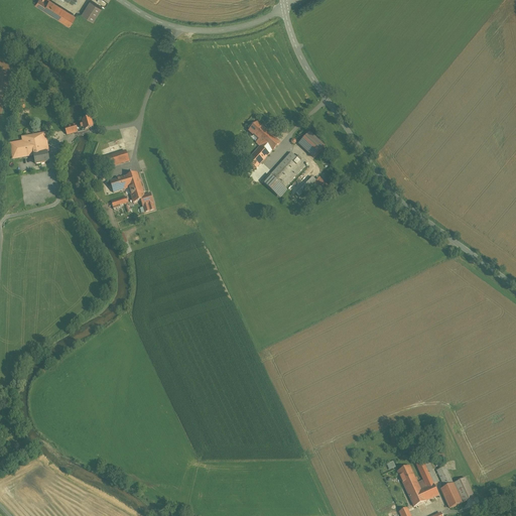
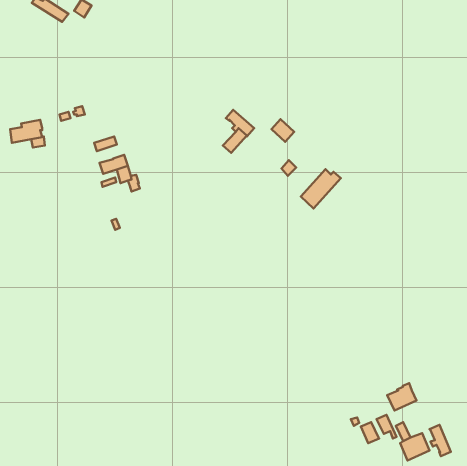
building: [263,151,307,195] -> [301,169,341,208]
building: none -> [429,425,451,456]
building: [406,475,438,505] -> [387,383,416,411]

